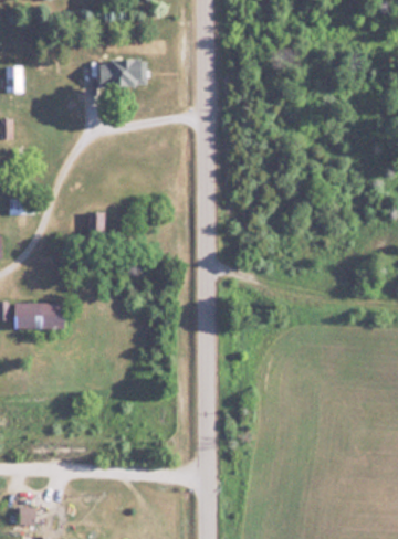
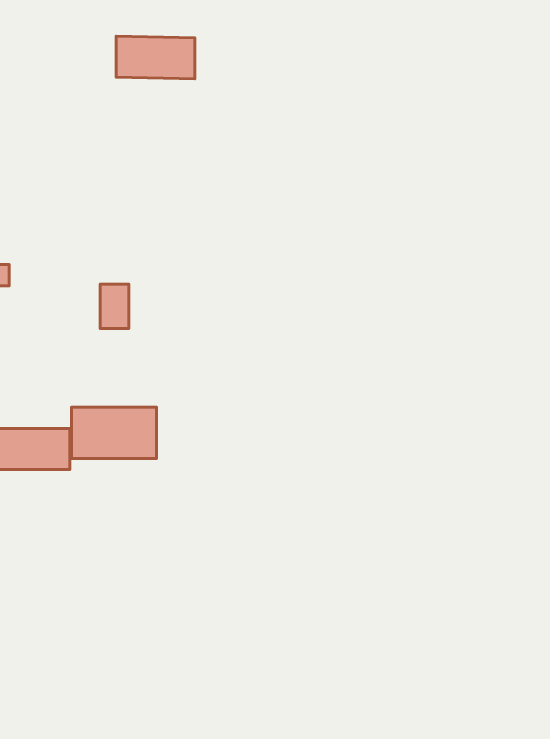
building: none -> [71,407,157,459]

